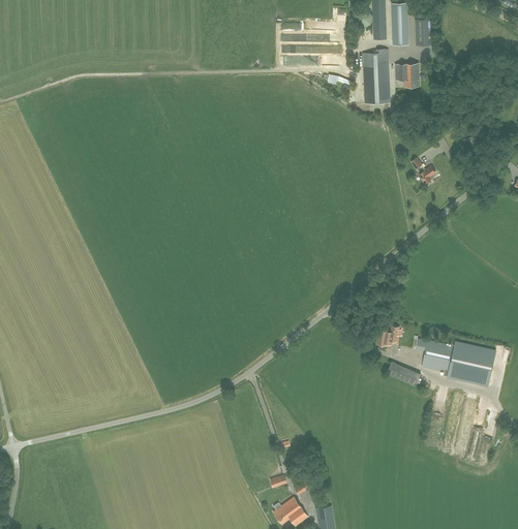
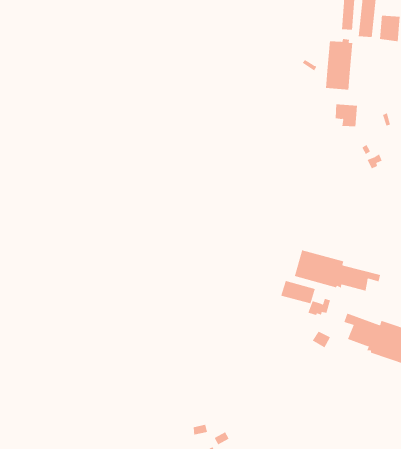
building: [395,63,420,87] -> [335,104,358,127]
building: none -> [294,249,381,291]
building: none -> [281,280,315,304]

